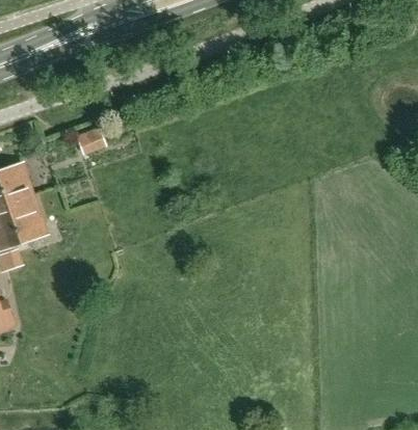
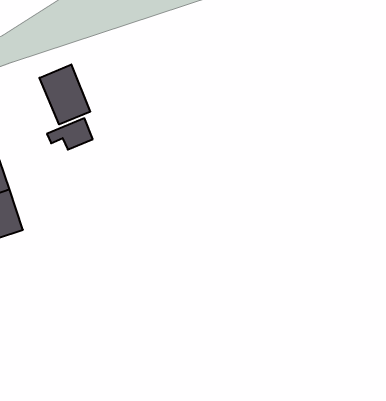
building: none -> [39,64,90,124]

